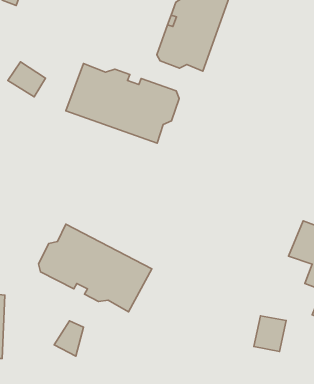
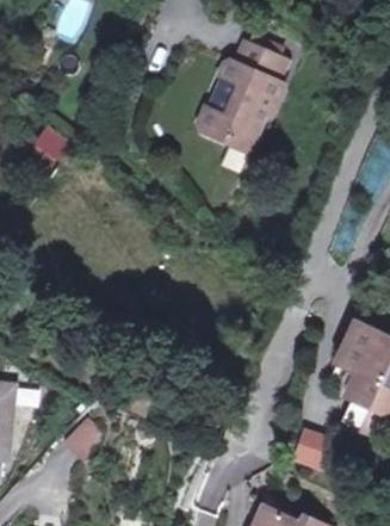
building: [66,63,179,143] -> none
building: [39,224,152,312] -> none

